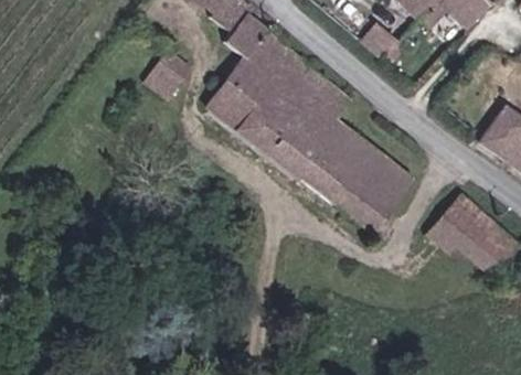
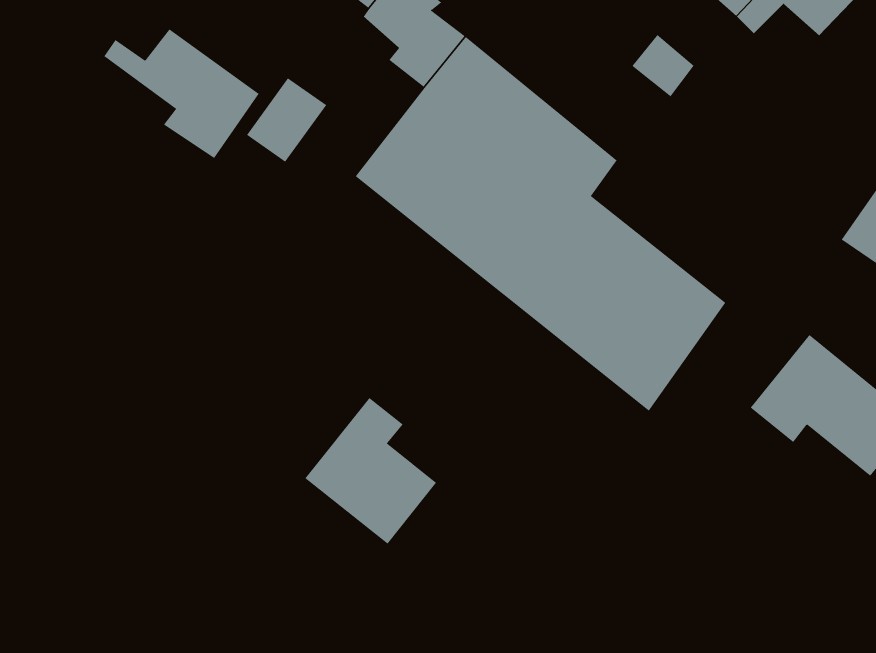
building: none -> [103,28,259,159]
building: none -> [304,397,437,545]

